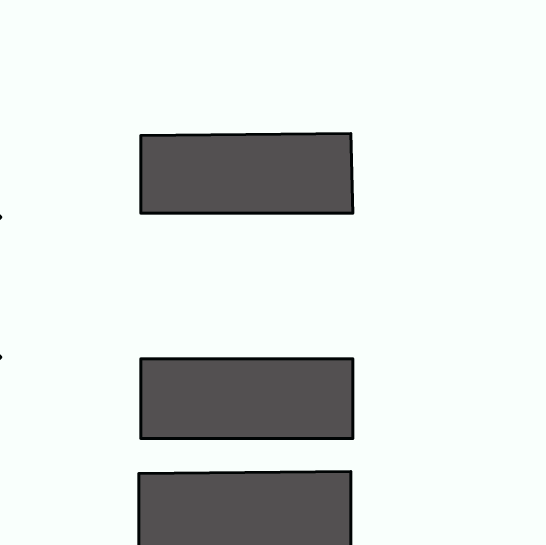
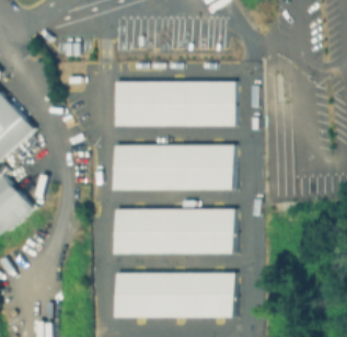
building: none -> [113,144,232,189]

